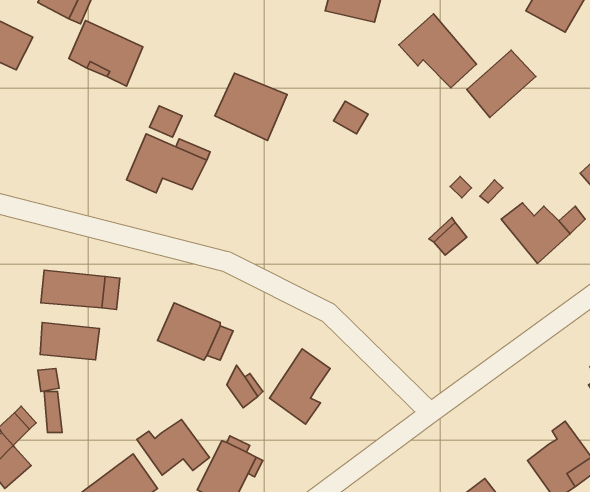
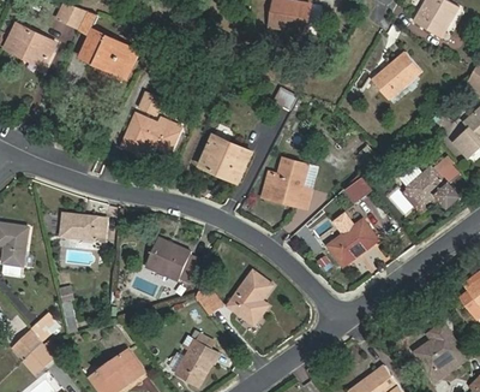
building: [399,14,476,88] -> none
building: [215,73,287,140] -> [198,135,251,184]
building: none -> [270,158,310,208]
building: none -> [324,219,378,269]
building: [40,323,100,360] -> none
building: [137,419,209,475] -> none

